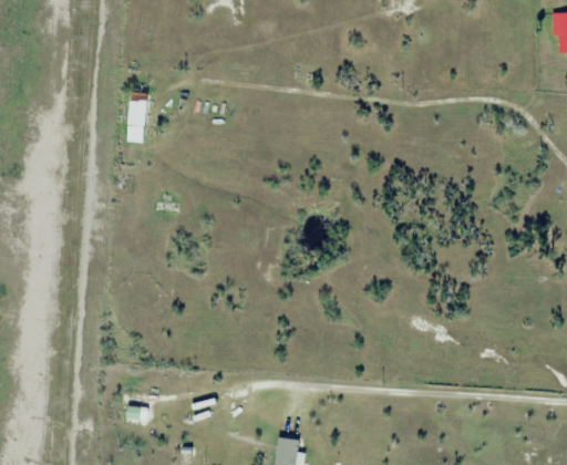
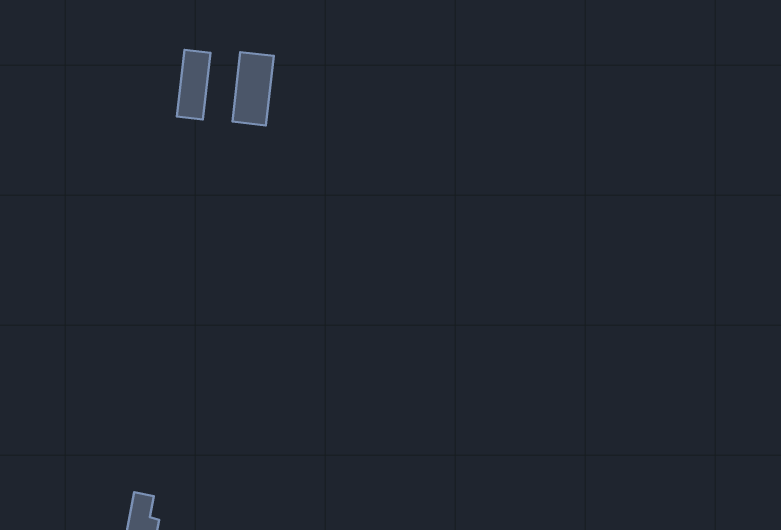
building: none -> [232,52,274,125]

